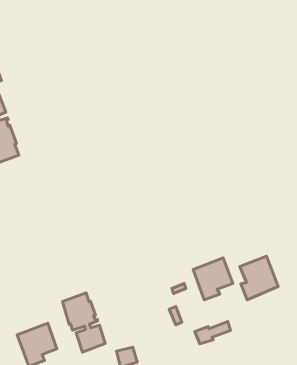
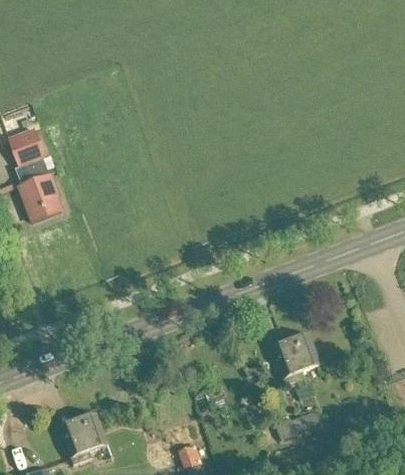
building: [240,256,278,300] -> none
building: [62,293,105,352] -> none

